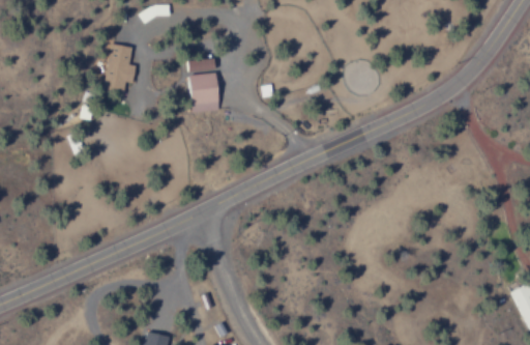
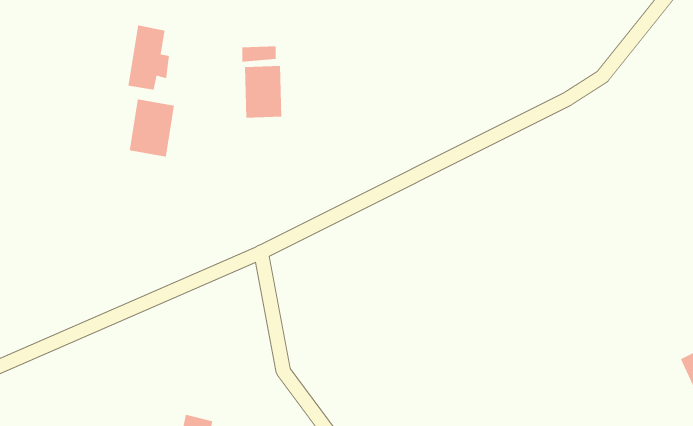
building: none -> [129,99,175,157]

